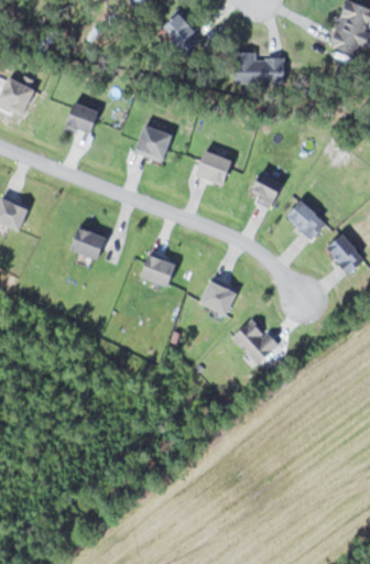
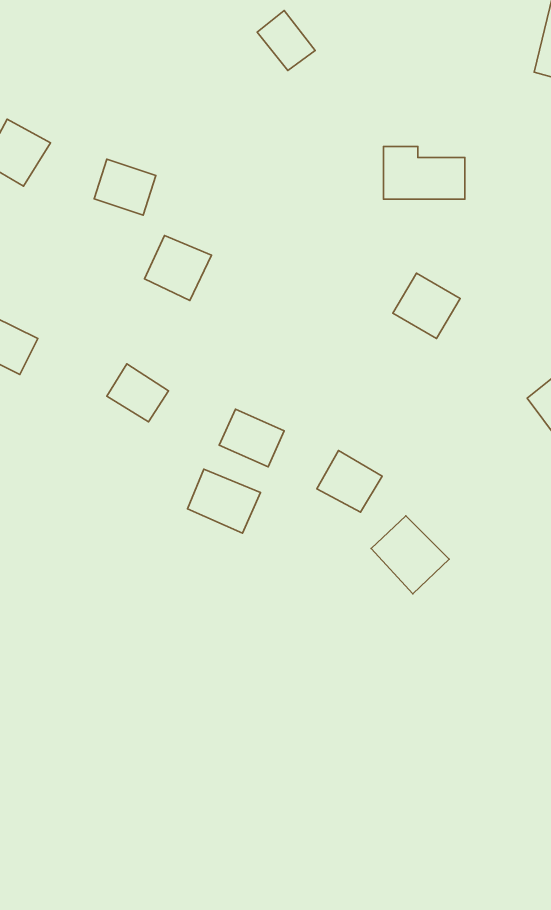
building: [233,53,283,85] -> [383,146,465,199]
building: [133,124,174,164] -> [144,235,212,301]
building: [194,151,233,185] -> none
building: [285,200,325,240] -> none
building: none -> [187,469,261,533]

